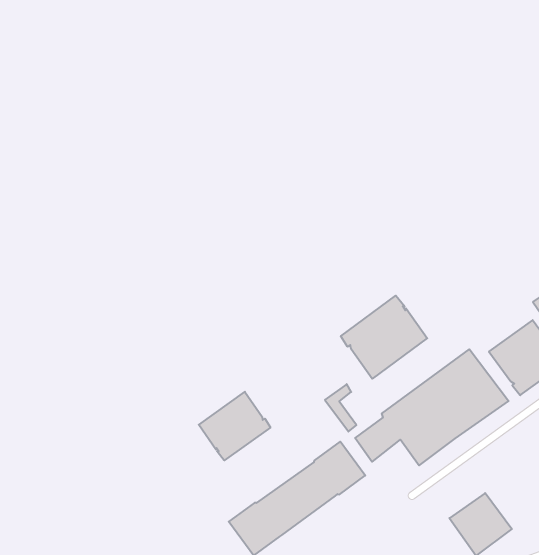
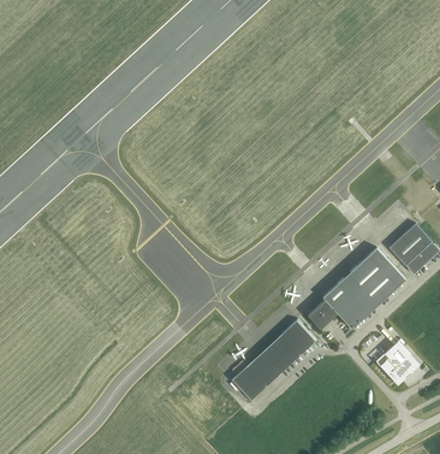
building: [341,296,427,379] -> none
building: [199,392,270,460] -> none

